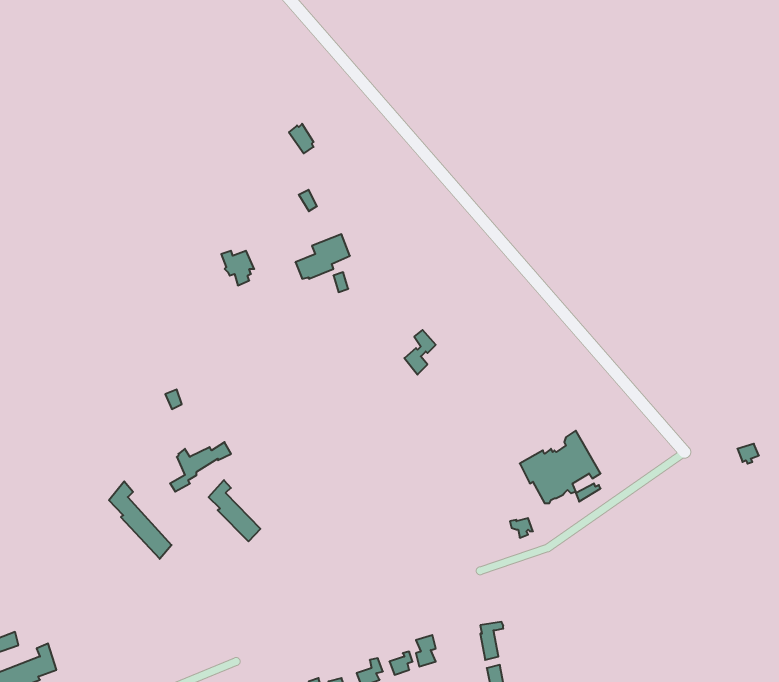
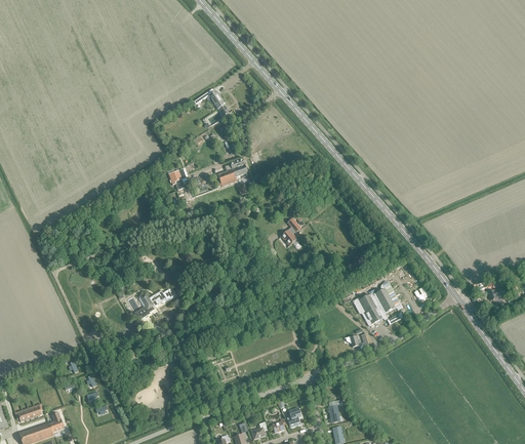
building: [209,480,260,541] -> none
building: [109,481,172,559] -> none

